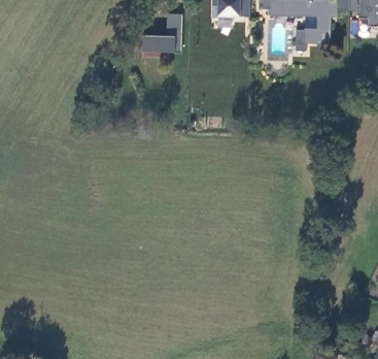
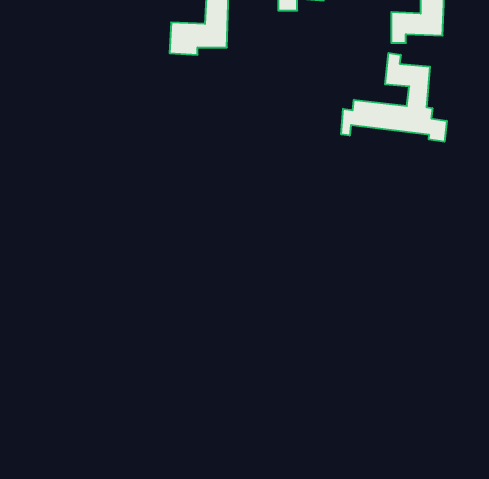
building: none -> [341,53,447,142]

